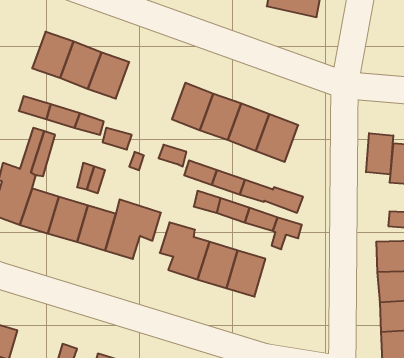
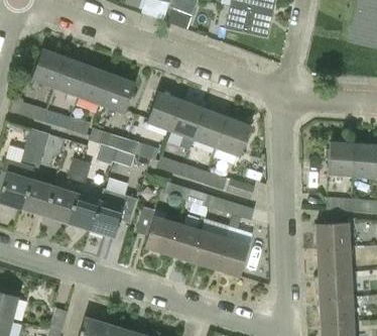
building: none -> [100,74,135,113]
building: [366,133,393,175] -> none
building: none -> [215,237,248,275]

